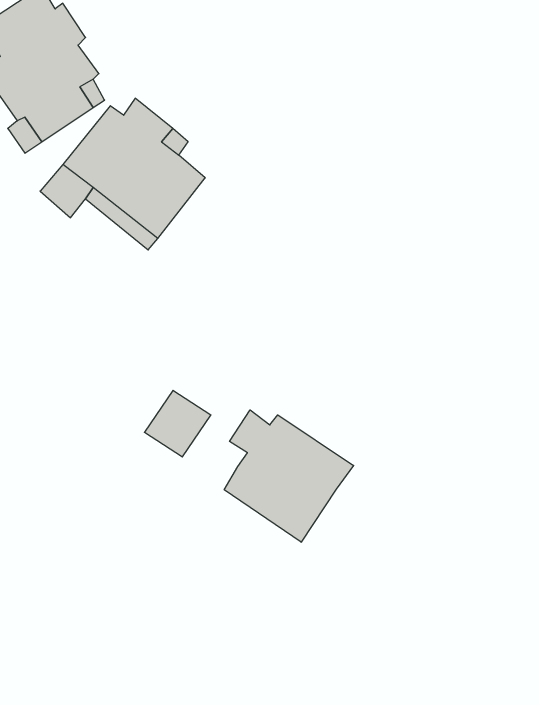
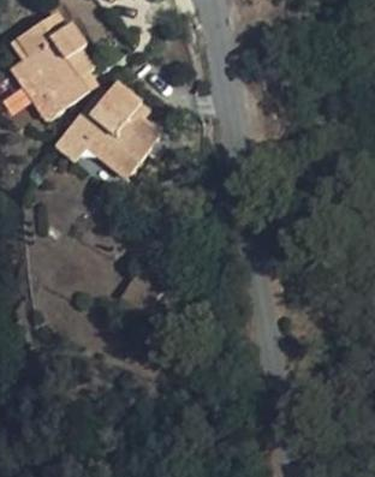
building: [224,410,354,542] -> none

